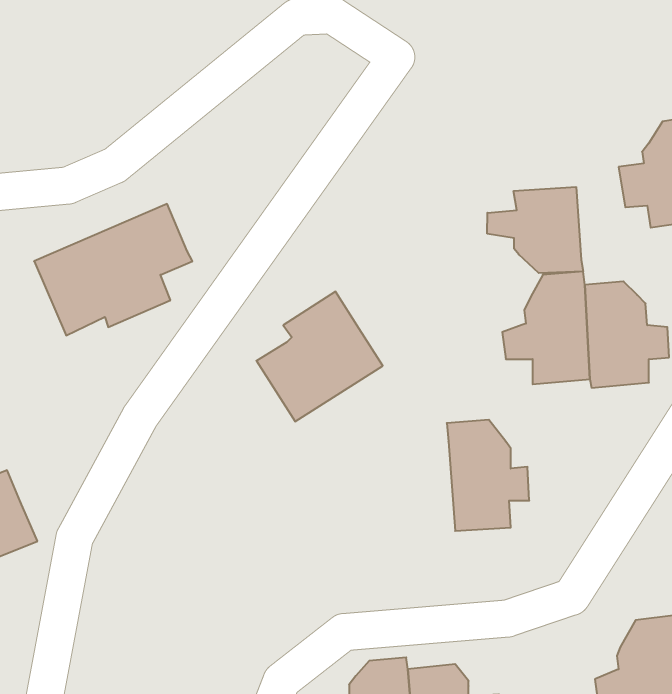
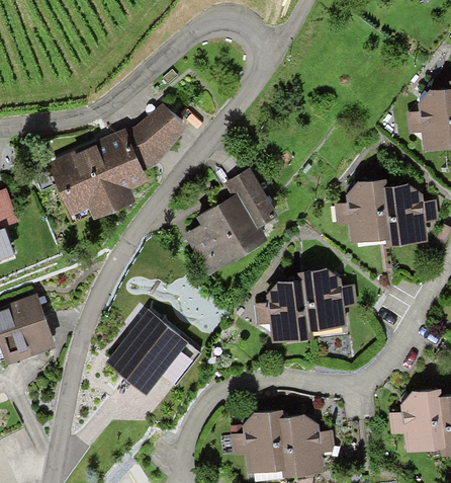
building: none -> [132,105,184,166]
building: [487,187,583,273] -> none
building: none -> [224,163,270,213]
building: none -> [254,280,306,345]
building: none -> [108,313,201,397]

